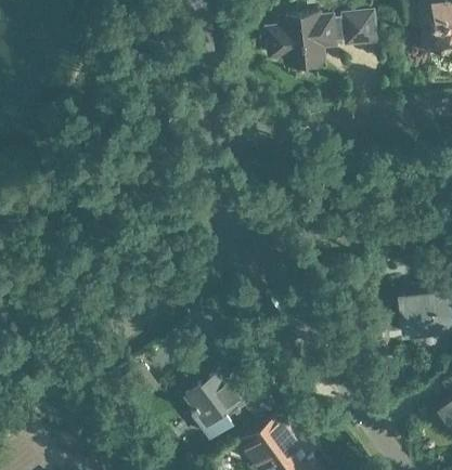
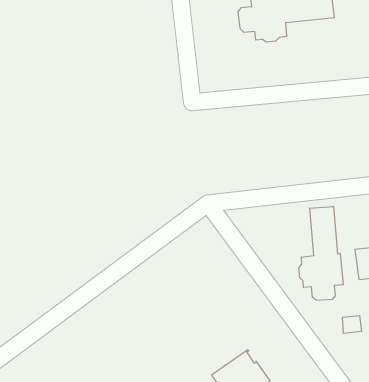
building: none -> [299,206,343,300]
building: [183,371,266,442] -> none

